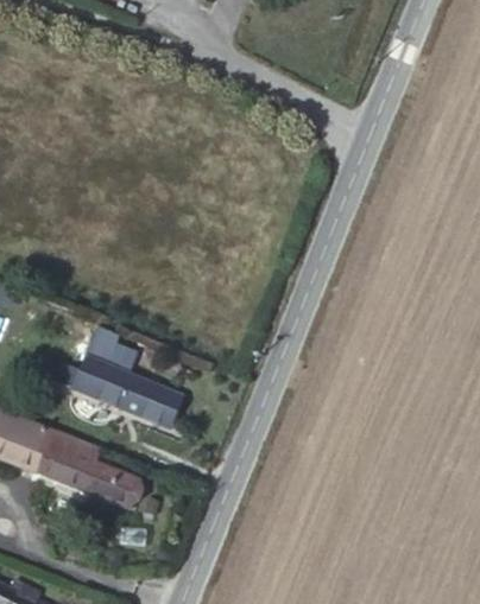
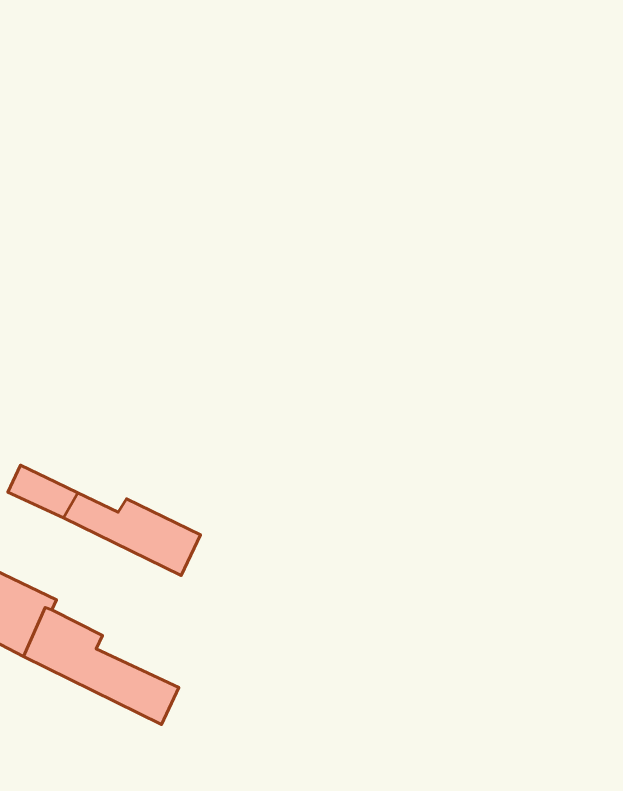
building: [76,329,127,381] -> none

